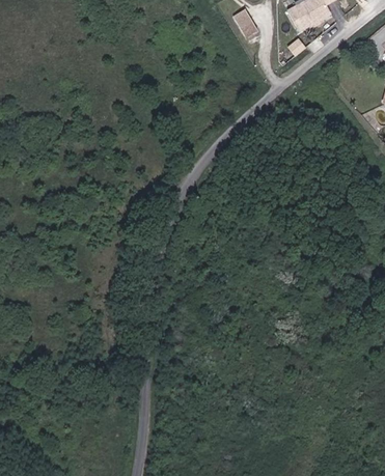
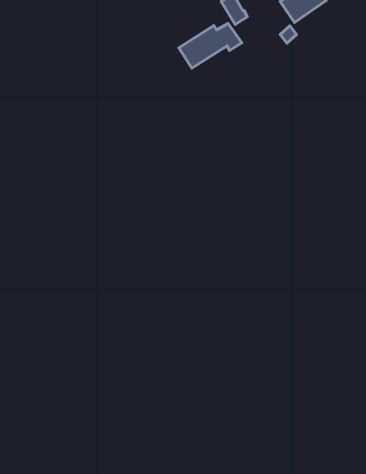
building: none -> [179,23,242,68]

